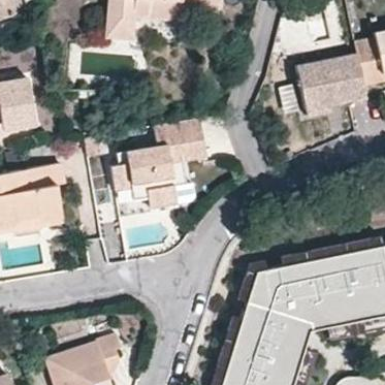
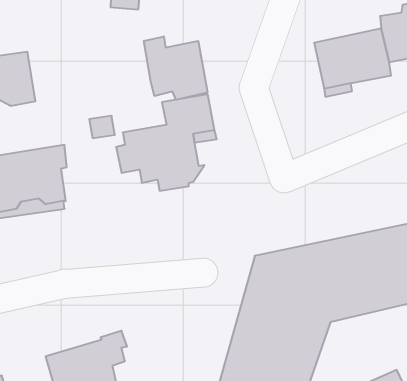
building: none -> [144,36,207,100]

